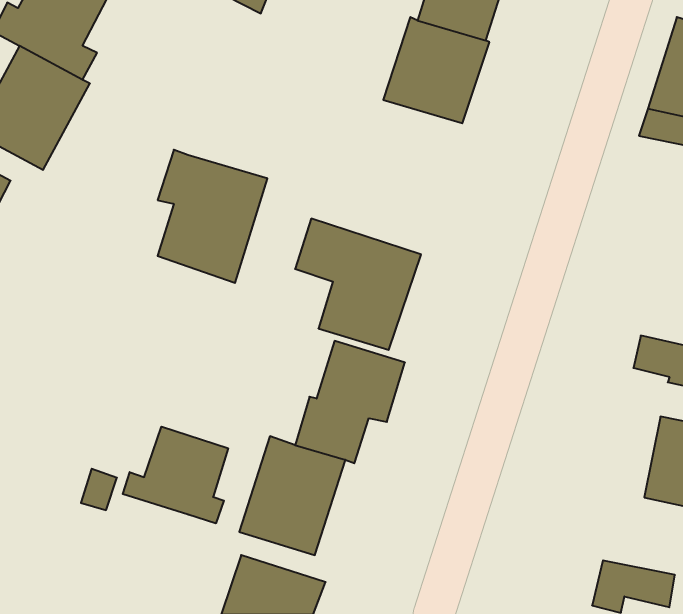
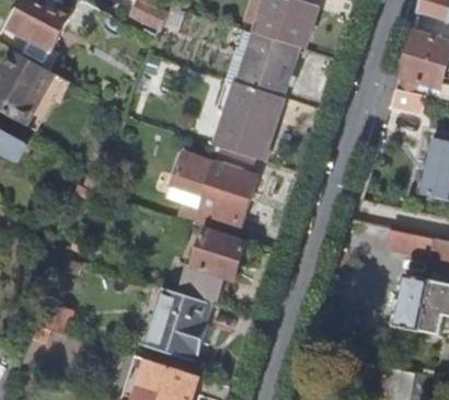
building: [158,150,267,283] -> [216,79,283,160]
building: [123,427,228,523] -> none

